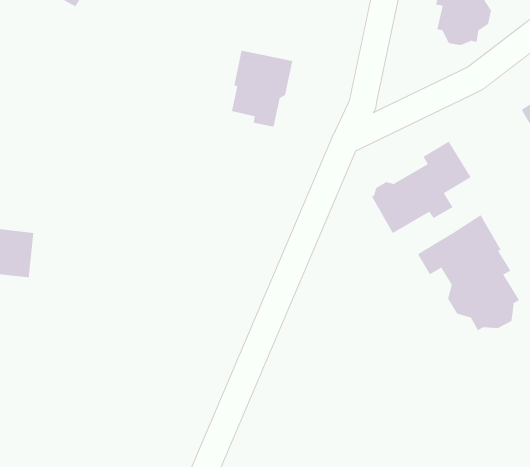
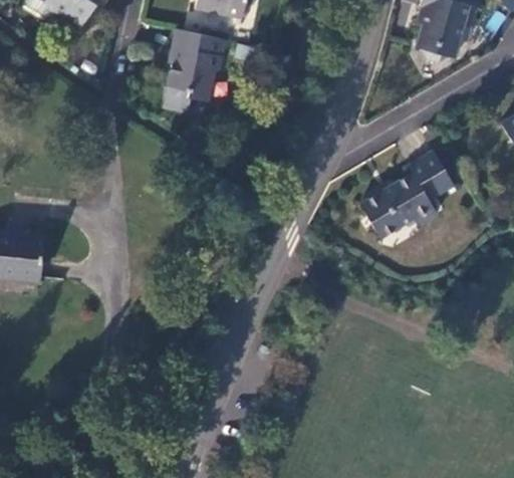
building: [231,50,293,127] -> [166,29,224,101]
building: [417,215,520,331] -> none

